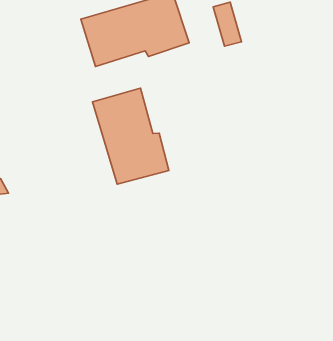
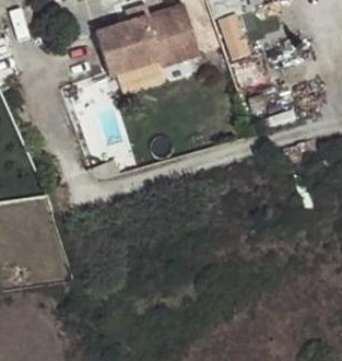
building: [93,88,169,184] -> none

